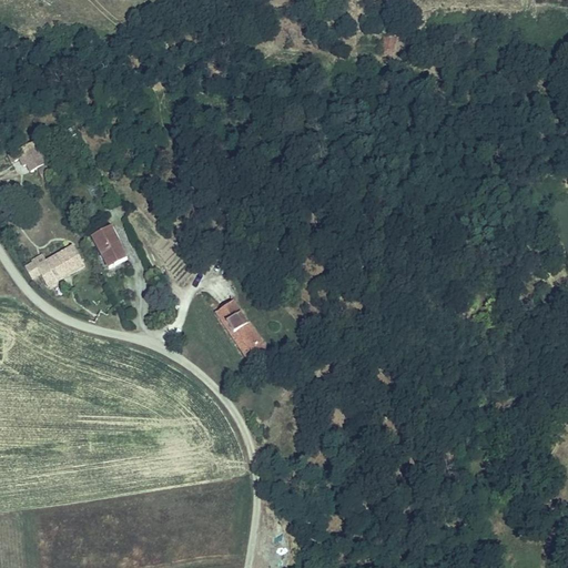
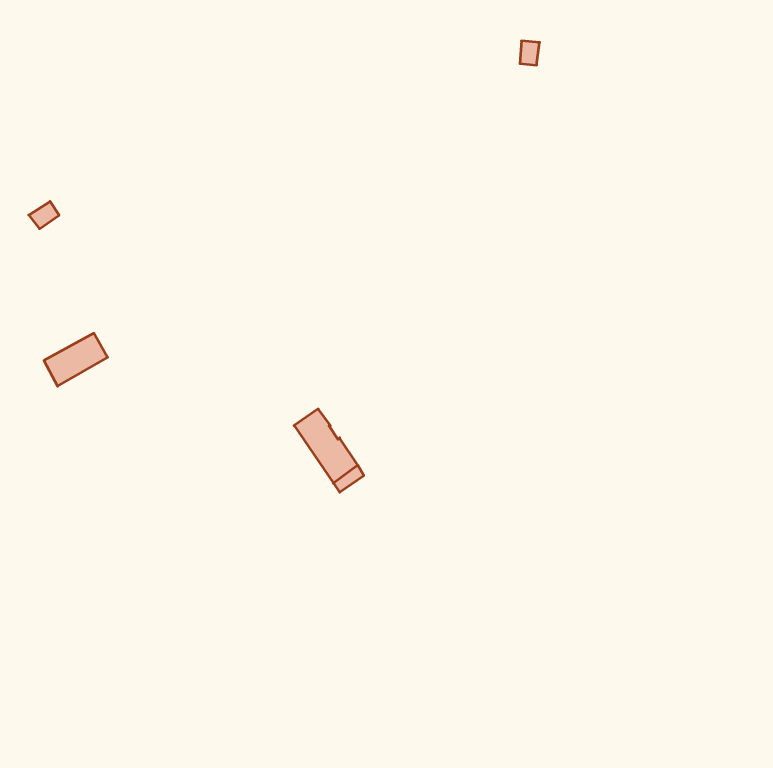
building: [89,222,125,262] -> none

